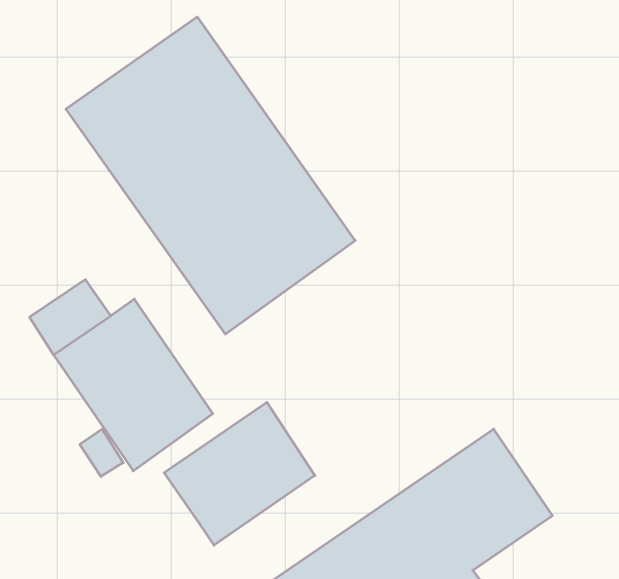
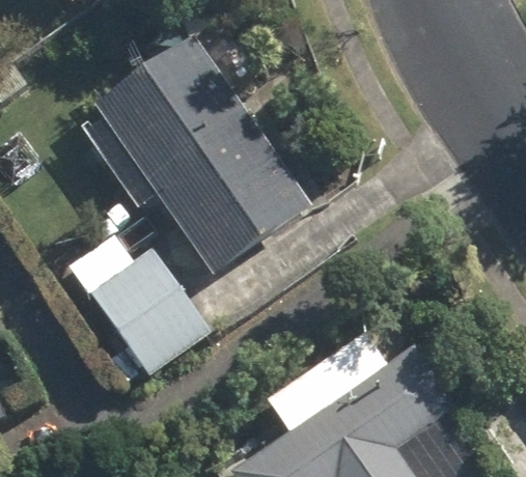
building: [164,402,315,545] -> none

